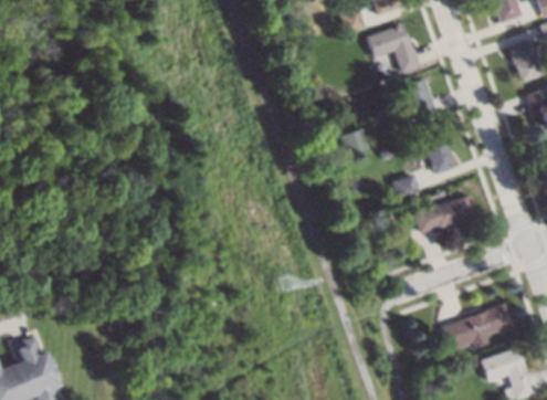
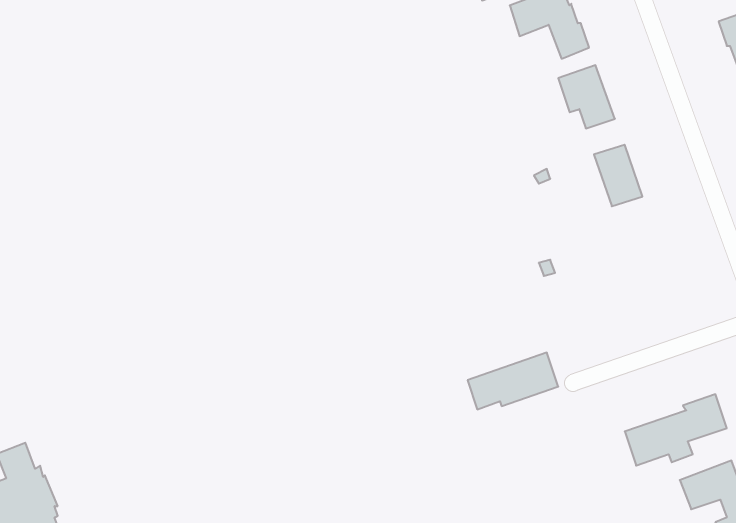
building: [341,126,371,157] -> none
building: [391,172,419,198] -> none
building: [412,194,474,233] -> [468,353,558,409]

